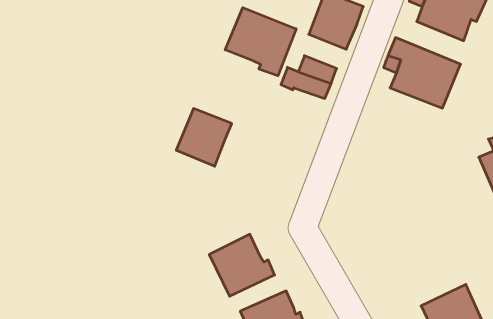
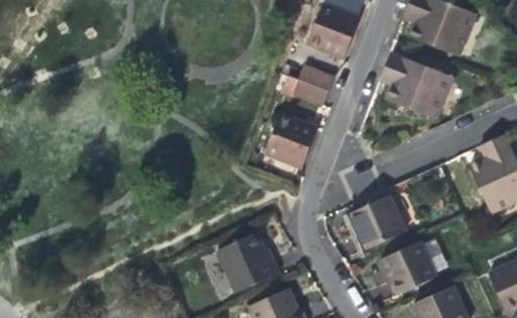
building: [225,8,296,76] -> none
building: [176,109,232,166] -> [266,115,318,170]
building: none -> [347,196,405,248]
building: none -> [380,243,431,295]

